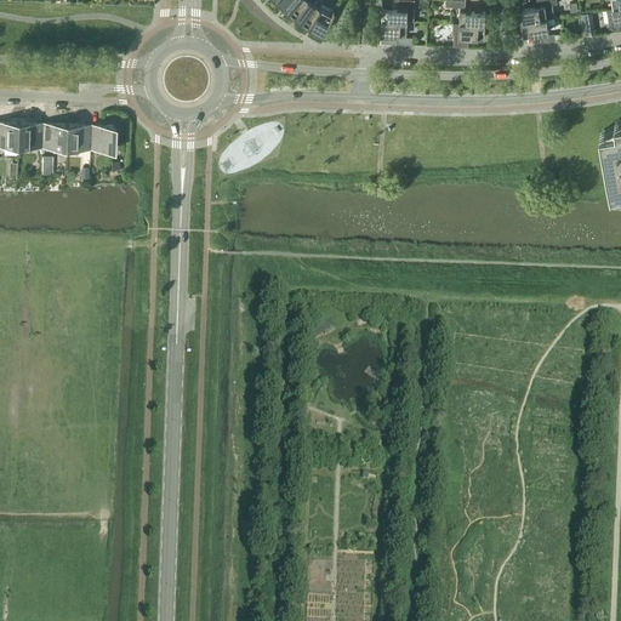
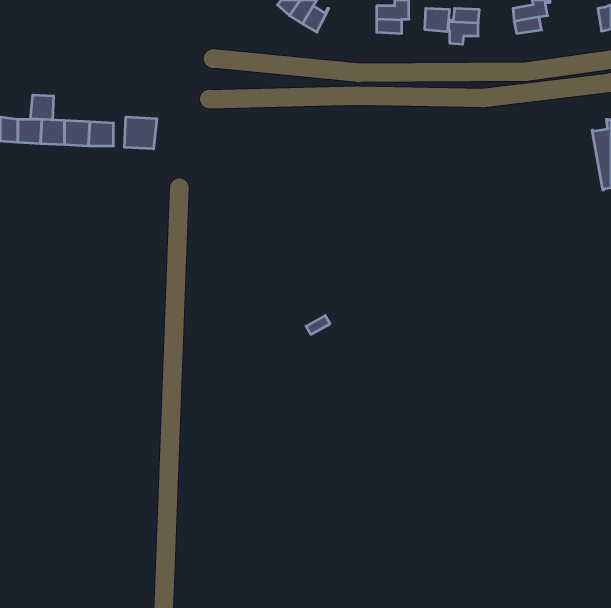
building: none -> [425,8,449,32]
building: none -> [31,95,54,120]
building: none -> [124,117,157,149]

